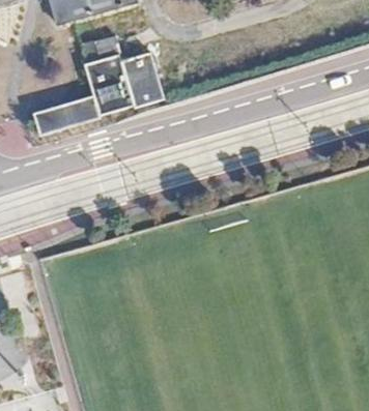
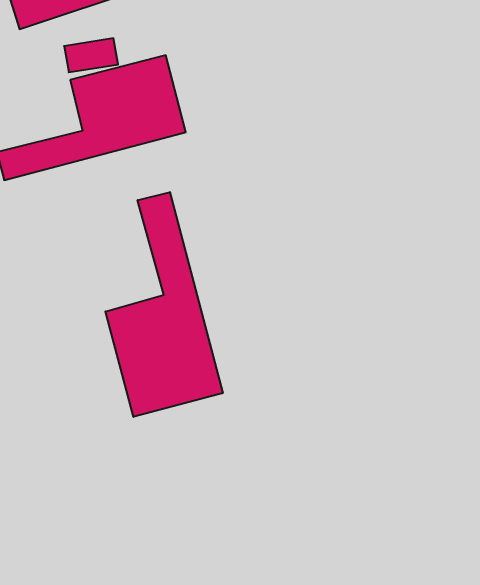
building: none -> [105,192,223,417]

